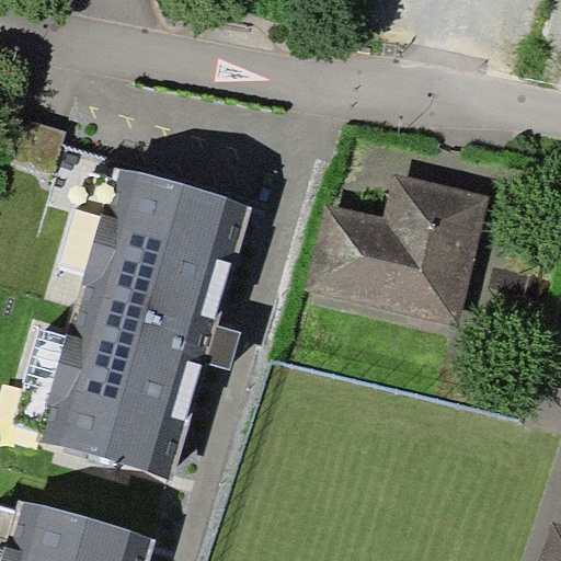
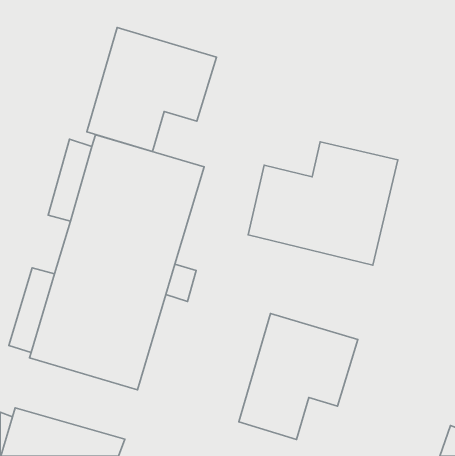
building: none -> [87,27,217,152]
building: none -> [239,313,358,439]

